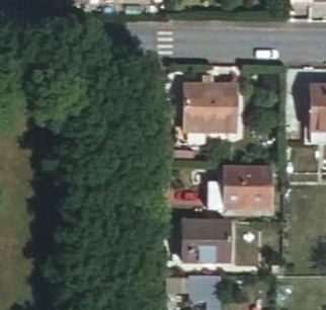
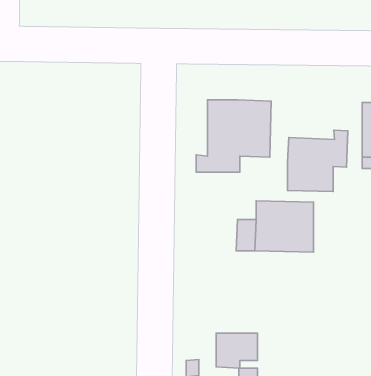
building: none -> [287,130,348,191]
building: [185,221,231,263] -> none

